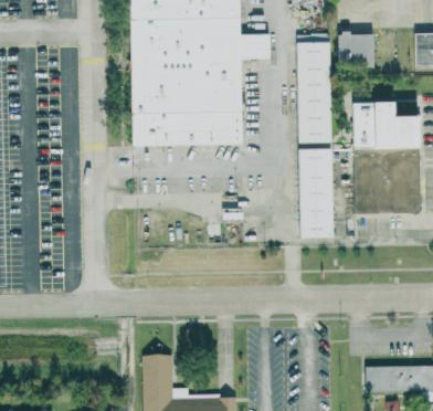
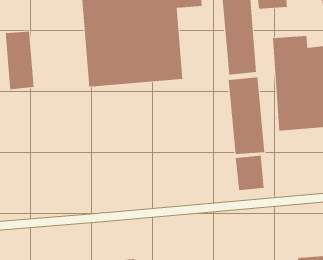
building: none -> [5,31,34,90]
building: none -> [235,155,264,191]

